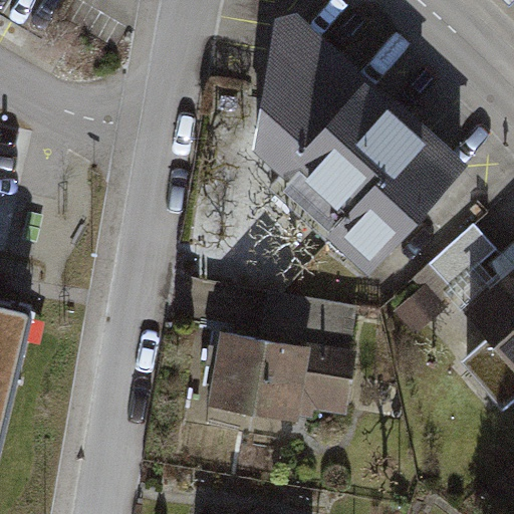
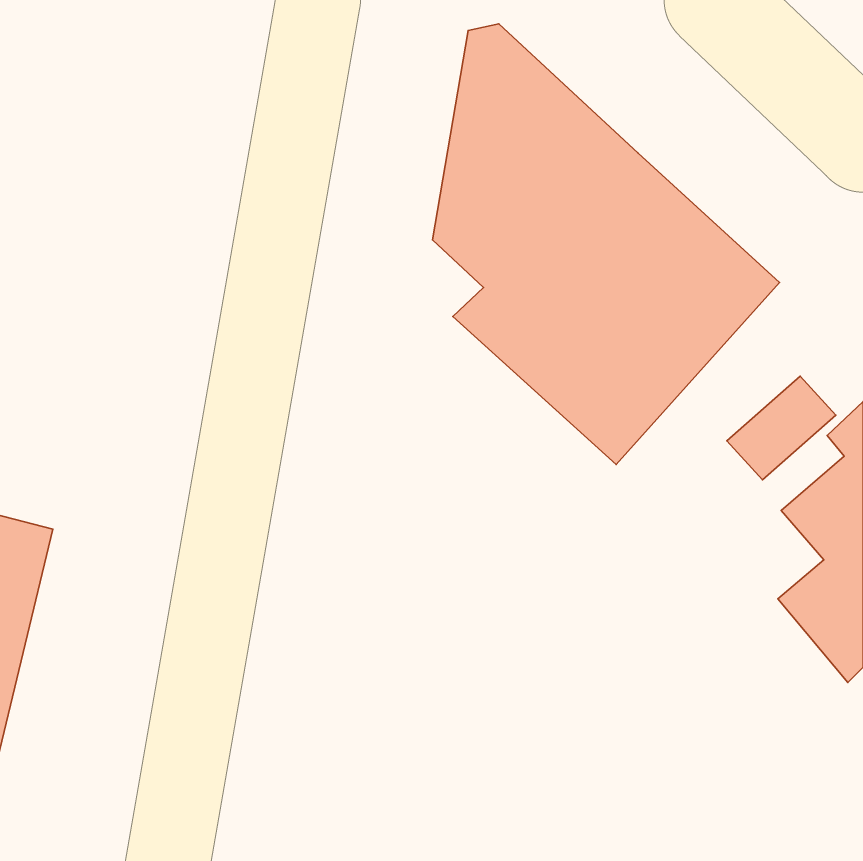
building: [211,294,351,423] -> none

